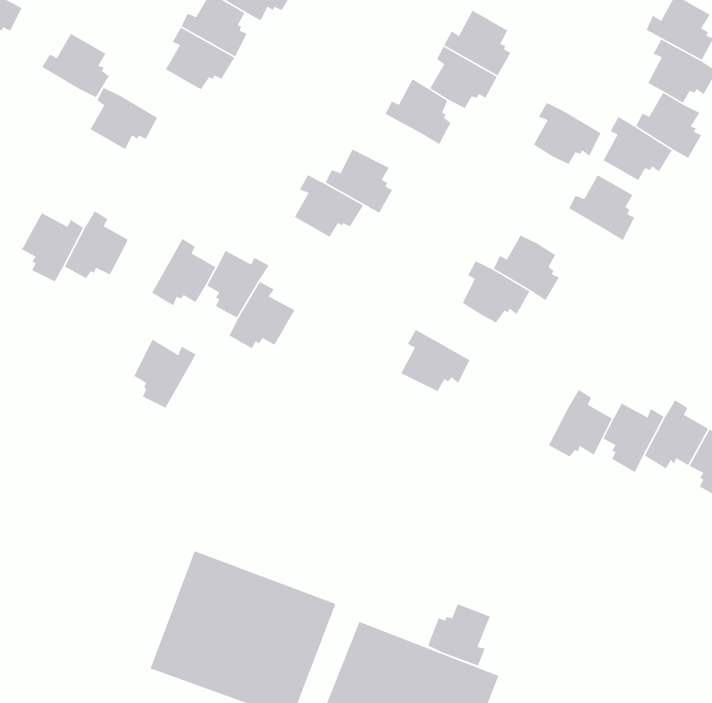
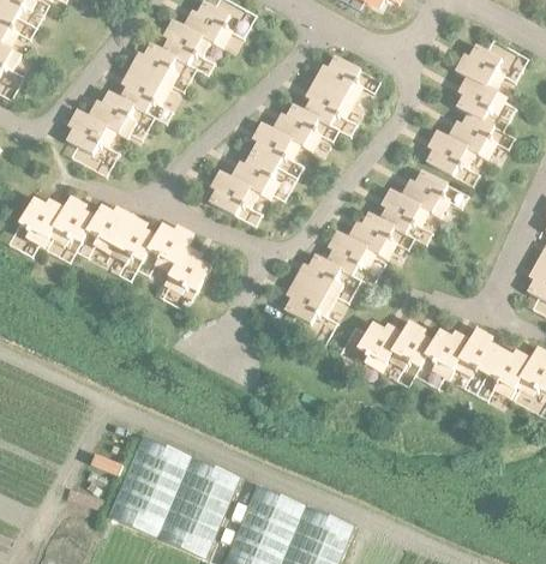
building: [41,33,110,98] -> [88,92,136,138]
building: [533,102,601,165] -> [379,190,427,234]
building: none -> [250,124,299,167]
building: none -> [294,256,342,301]
building: [133,339,197,409] -> [86,205,131,254]
building: none -> [356,323,401,372]
building: [427,603,491,667] -> none

